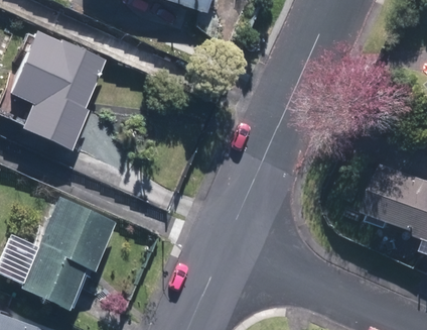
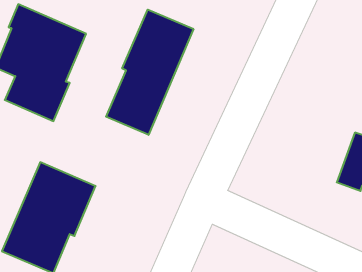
building: none -> [106,10,193,135]

